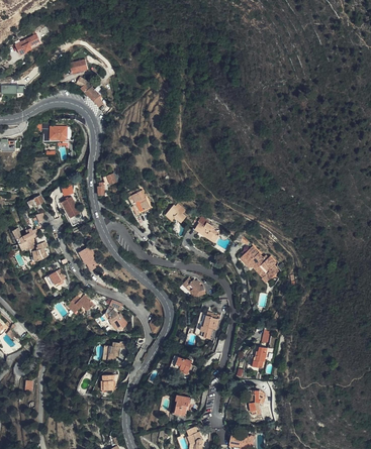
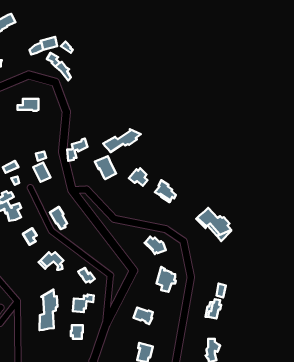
building: none -> [103,129,141,152]
building: none -> [39,289,58,330]

